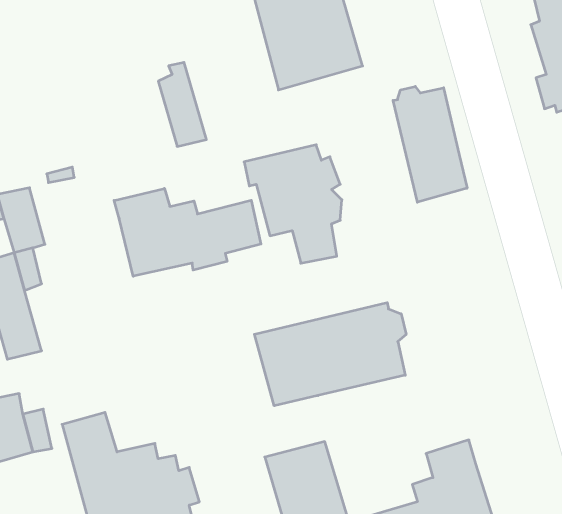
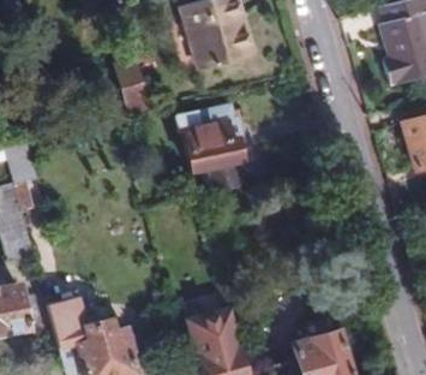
building: [393,86,467,202] -> none
building: [114,188,261,276] -> none
building: [254,303,406,406] -> none

